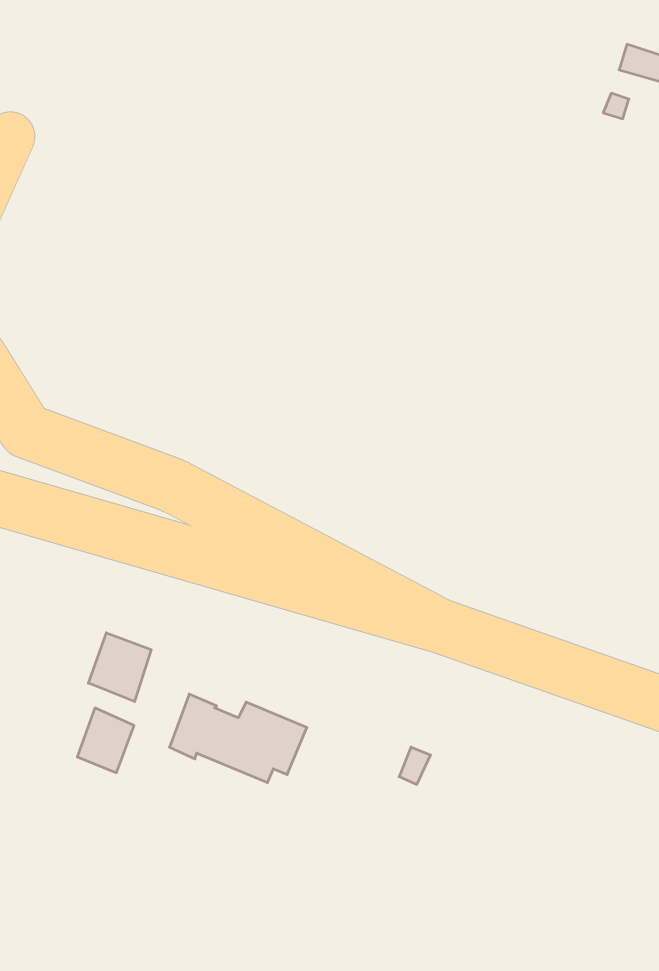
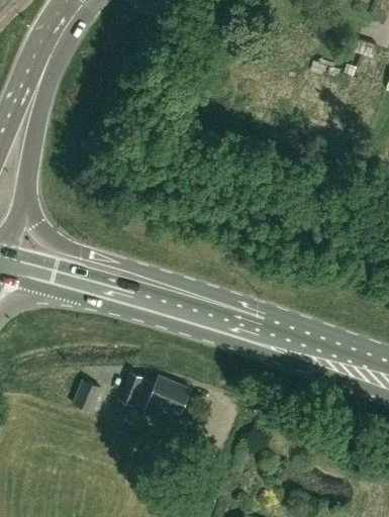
building: [88,633,151,702] -> none

